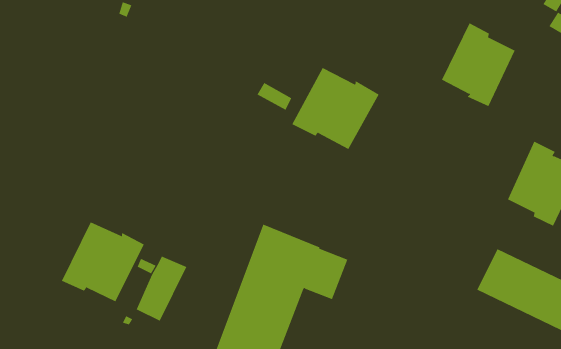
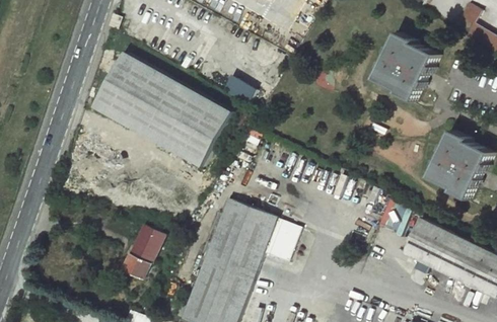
building: none -> [92,52,230,166]
building: [291,67,379,150] -> none
building: [61,221,145,302] -> none

